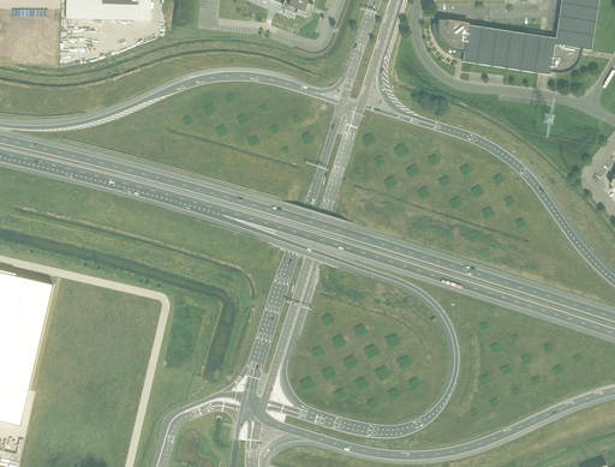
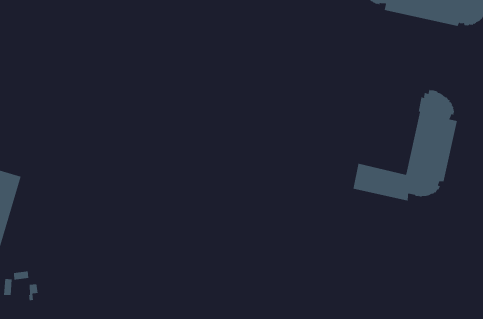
building: none -> [353,88,458,201]

